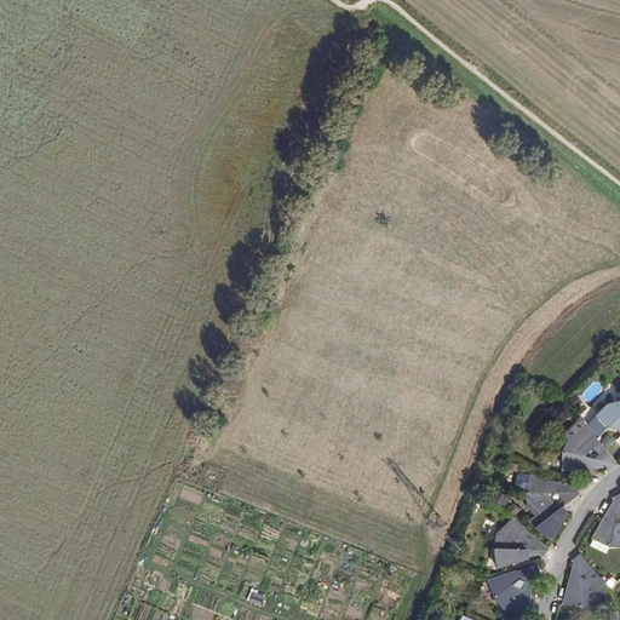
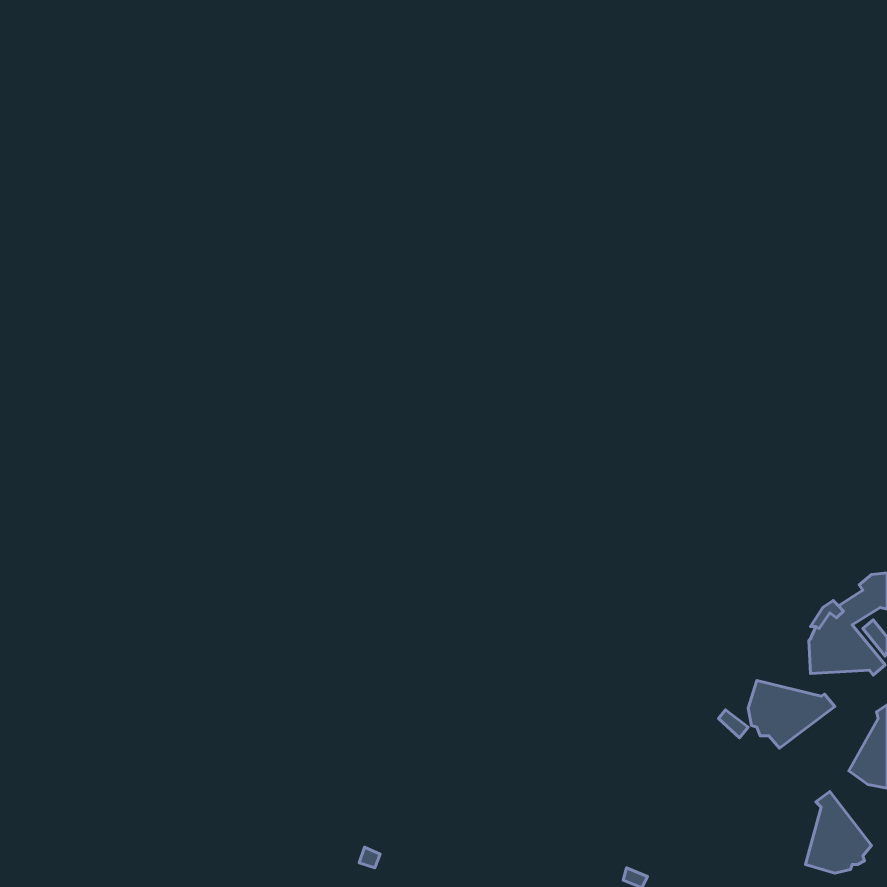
building: [492,521,550,567] -> none
building: [489,564,542,614] -> none

